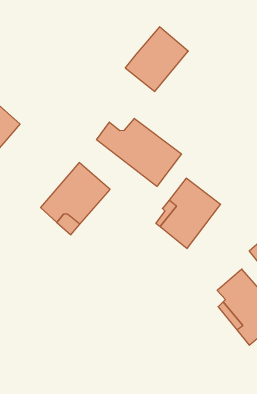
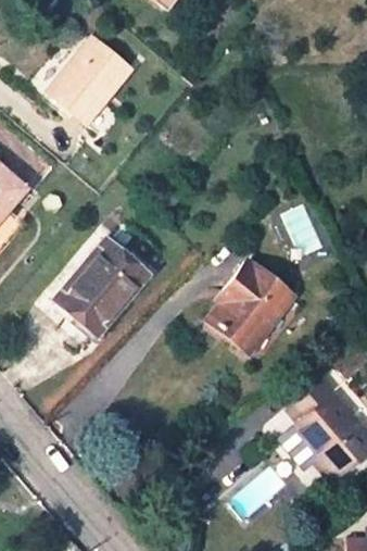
building: [125,27,188,91] -> [48,37,131,123]
building: [97,118,181,186] -> none

